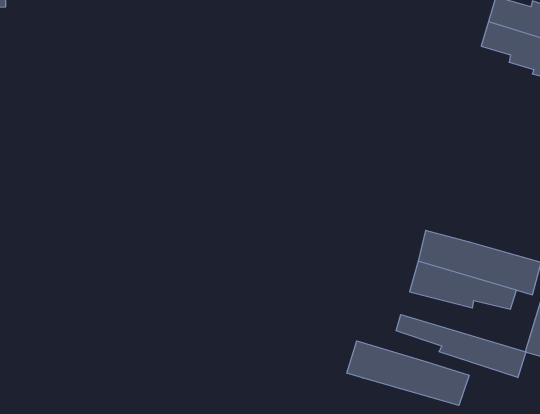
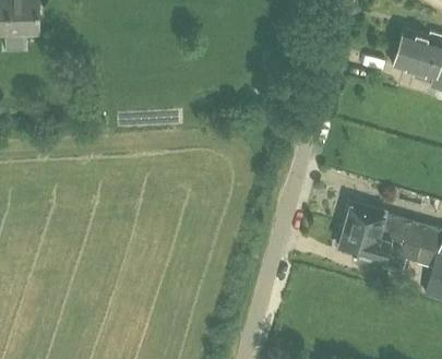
building: [396,315,526,378] -> none
building: [347,341,469,405] -> none

